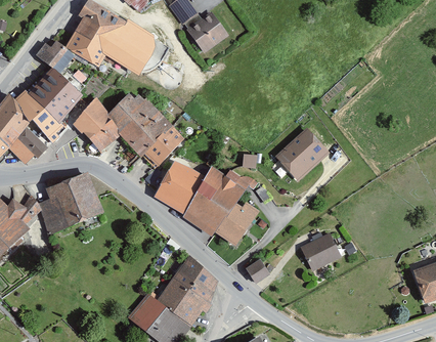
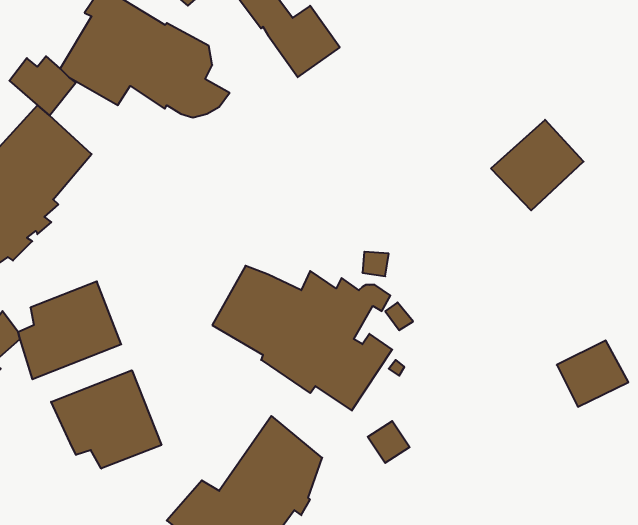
building: [72,94,184,168] -> none
building: [274,129,329,182] -> [491,120,584,210]
building: none -> [51,370,161,469]
building: [300,229,342,268] -> [557,340,628,407]

